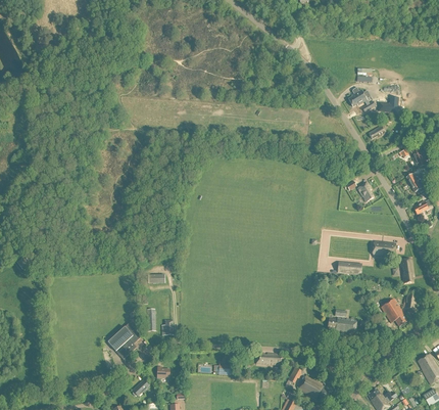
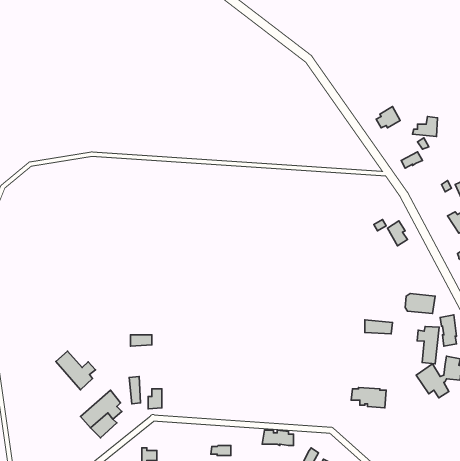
building: none -> [417,326,439,364]
building: none -> [56,351,95,390]

